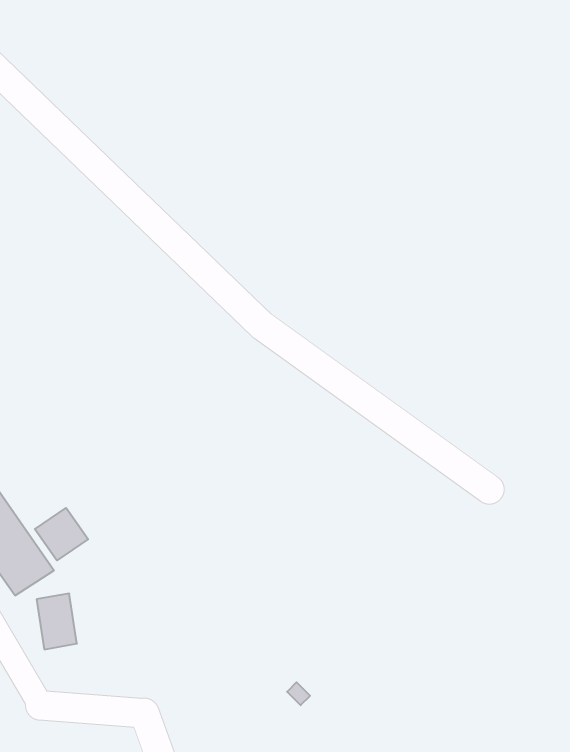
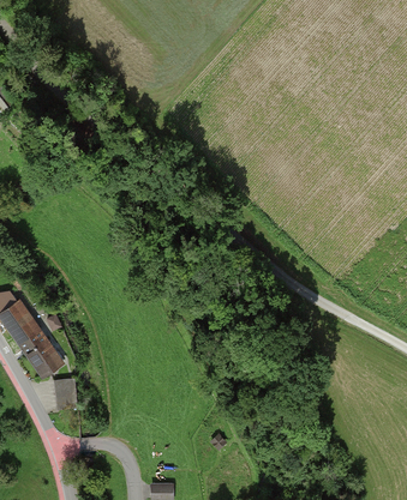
building: [35,508,88,560] -> none

